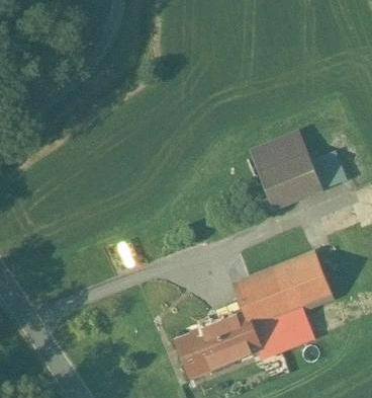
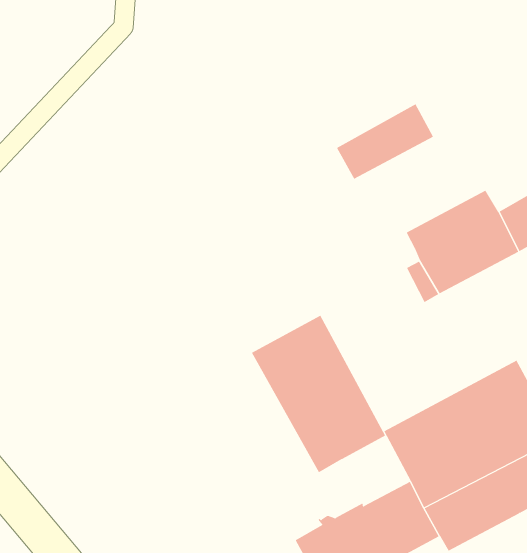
building: [250,132,306,171] -> [336,104,434,179]
building: none -> [251,315,386,473]

